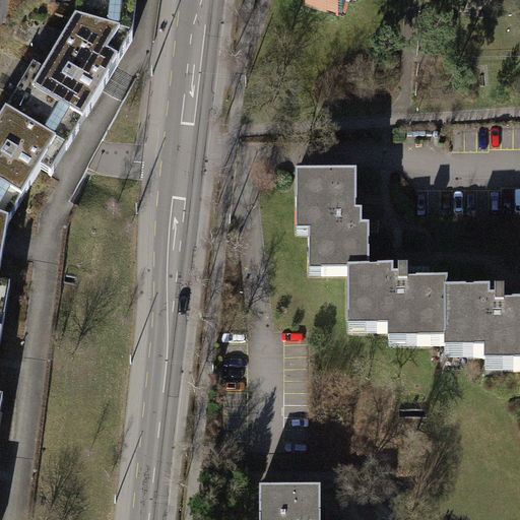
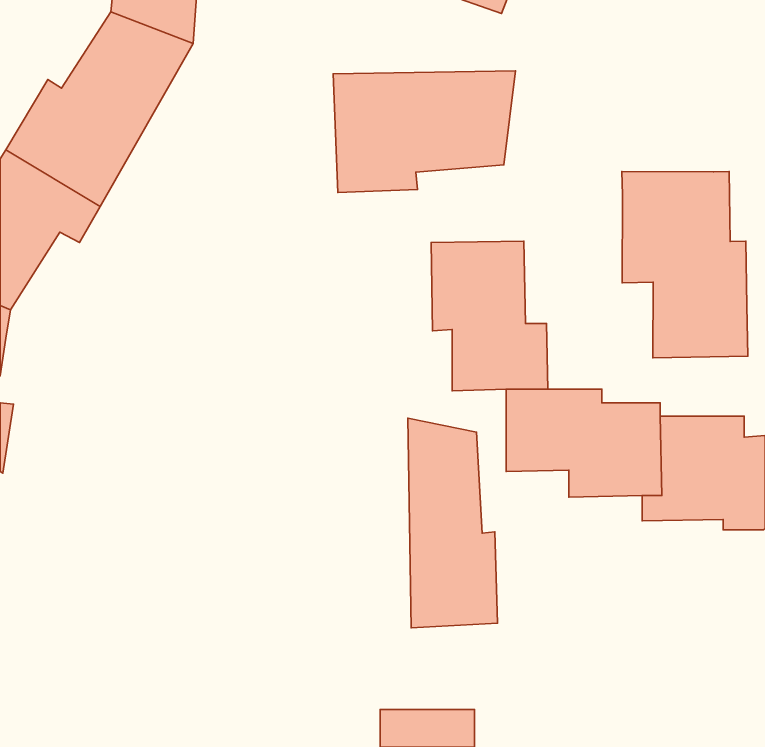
building: none -> [333,71,515,193]
building: none -> [622,171,748,358]
building: none -> [408,418,498,628]

